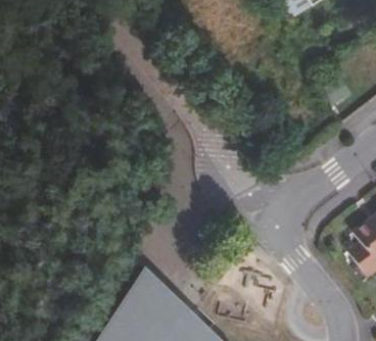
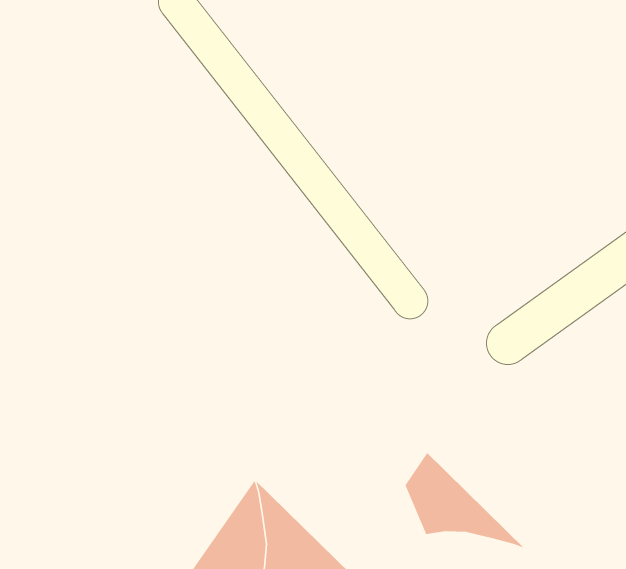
building: none -> [405,452,526,549]

